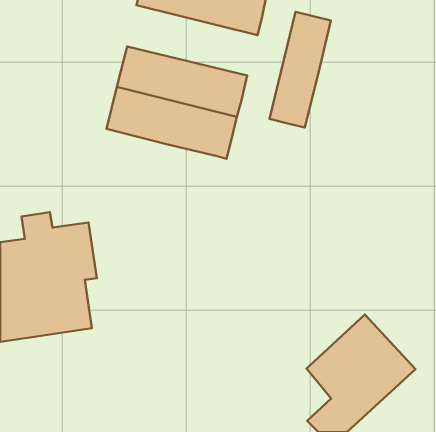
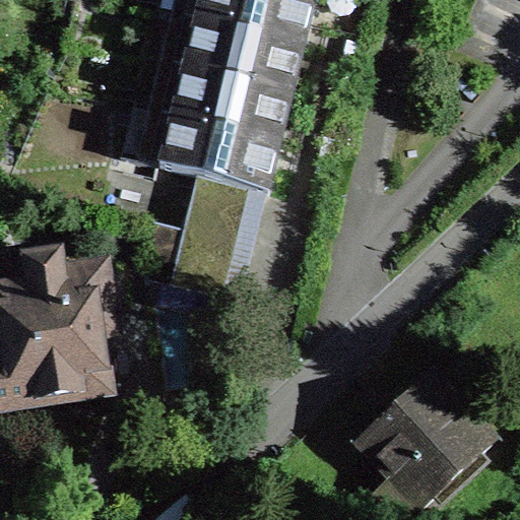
building: none -> [153,6,308,89]
building: [270,12,331,128] -> none
building: none -> [157,171,260,294]

